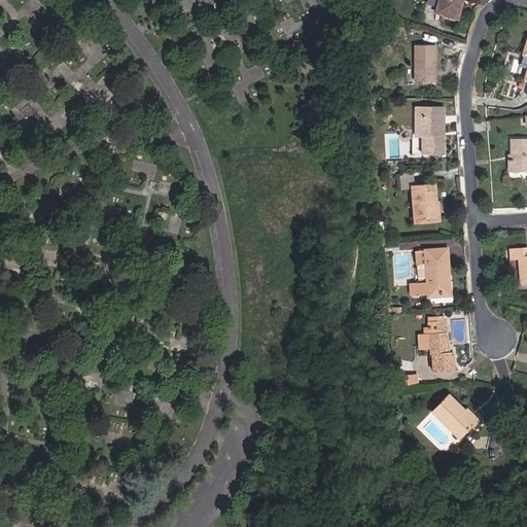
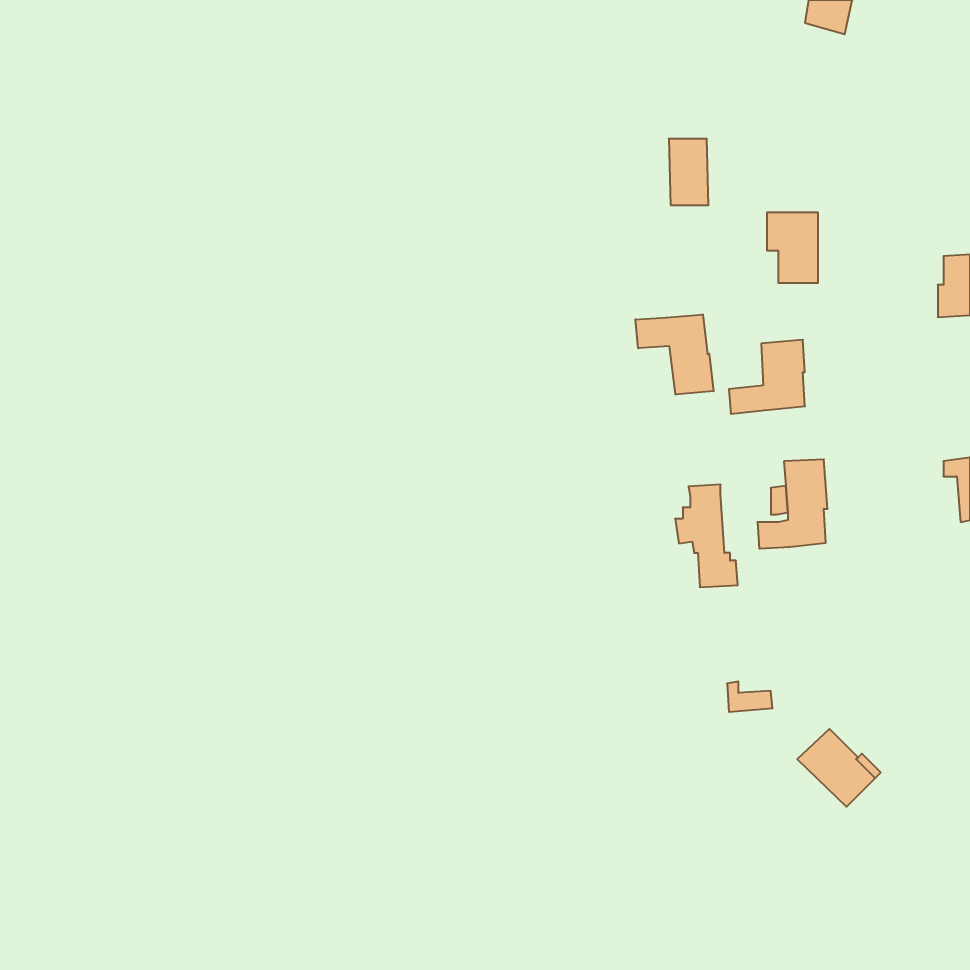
building: [415,45,436,81] -> [669,139,709,205]
building: none -> [635,314,714,395]
building: [421,316,455,372] -> [675,485,738,587]

